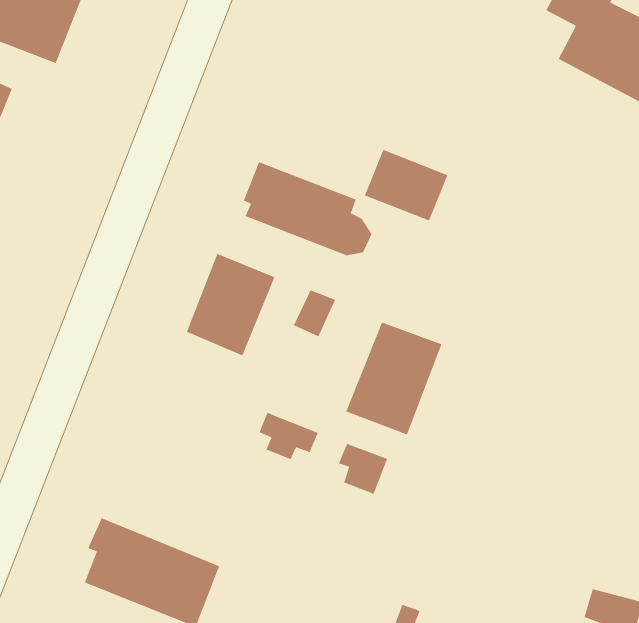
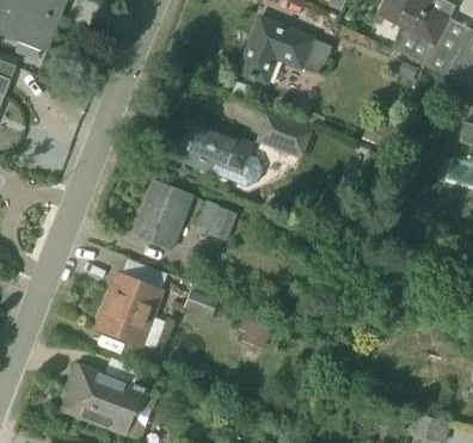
building: none -> [236,17,331,82]
building: [345,321,442,436] -> none
building: none -> [96,272,166,346]

